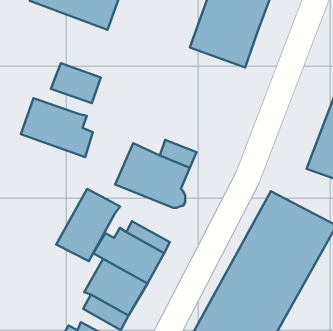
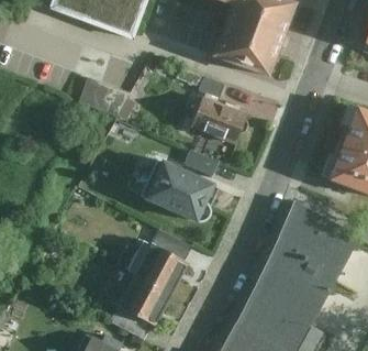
building: none -> [190,95,250,144]
building: [21,98,93,157] -> none
building: [56,189,120,261] -> none

